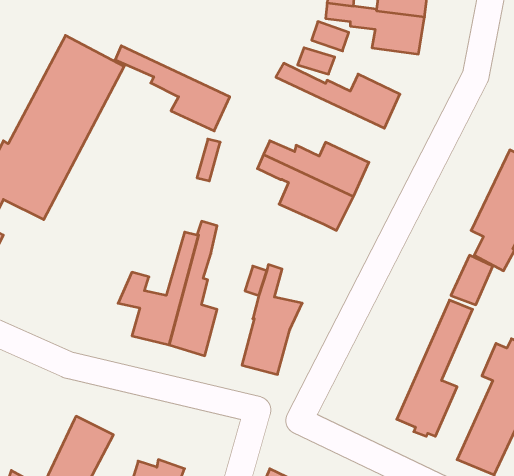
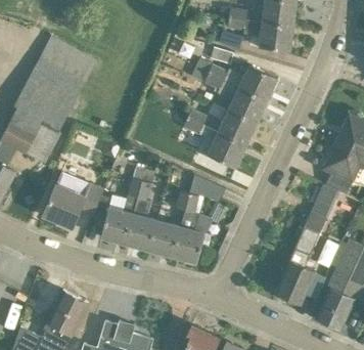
building: [115,46,230,131] -> [191,67,267,123]
building: none -> [43,172,102,227]
building: none -> [190,174,226,203]
building: none -> [148,220,181,257]

